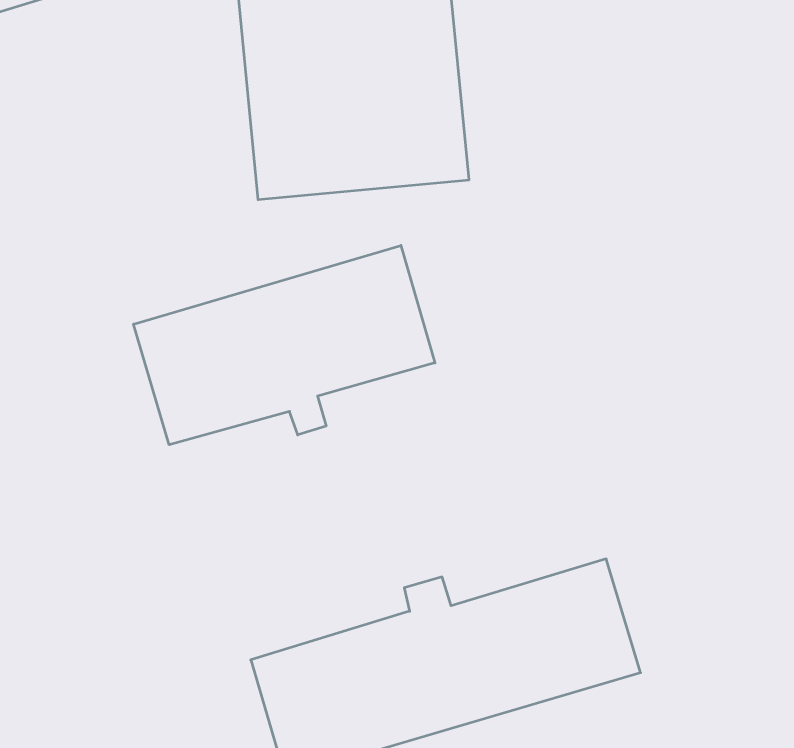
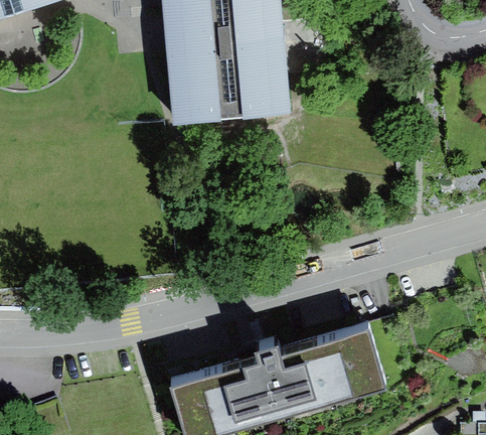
building: [134,245,435,445] -> none

